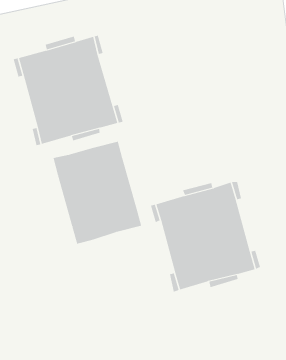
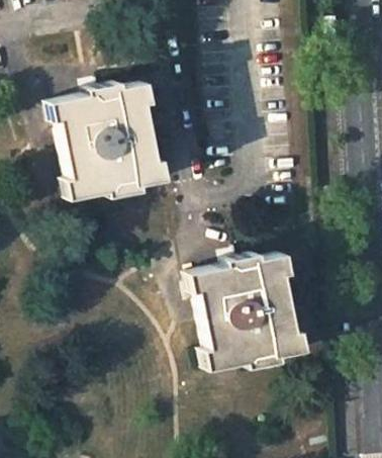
building: [53,141,142,245] -> none

